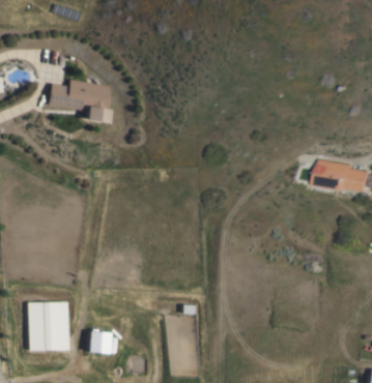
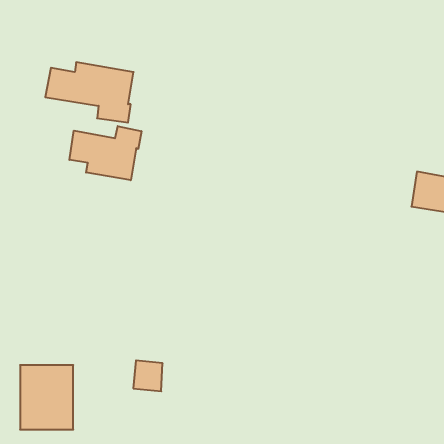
building: none -> [69,126,141,180]
building: [87,331,109,354] -> [133,360,163,391]

